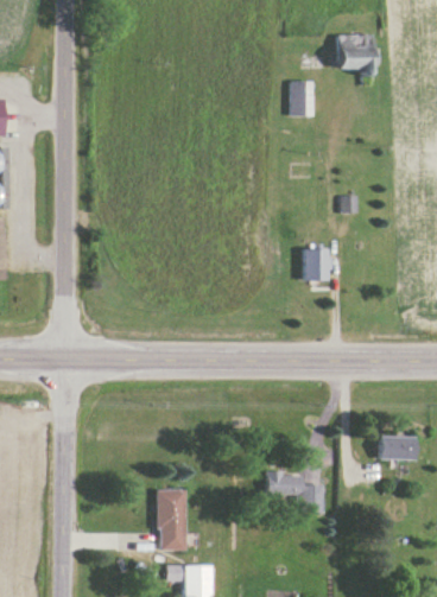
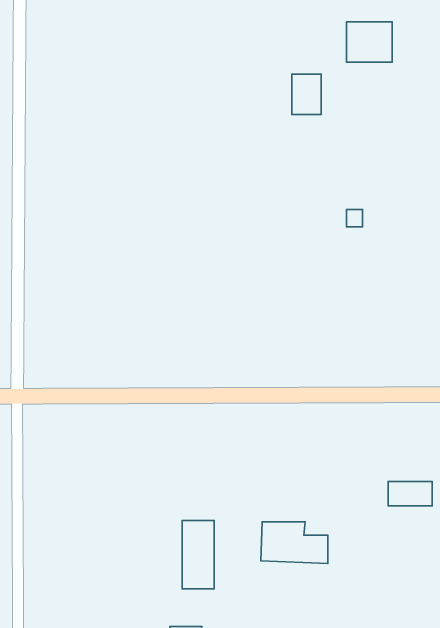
building: [302,250,329,281] -> none
building: [158,490,186,551] -> [182,520,214,589]

